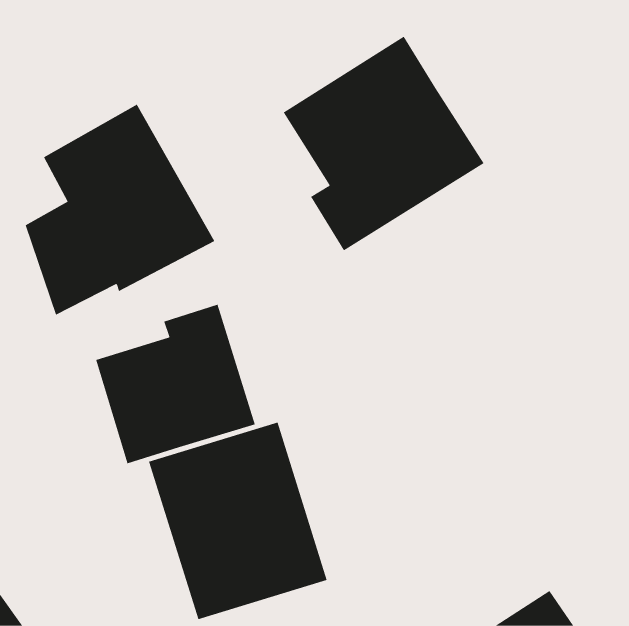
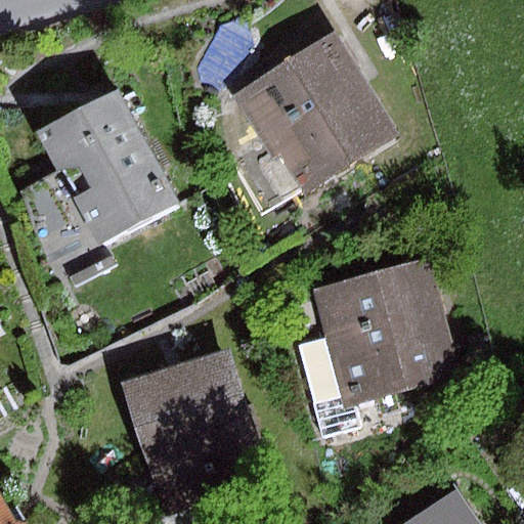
building: [95,304,255,464] -> none
building: none -> [296,259,457,435]

